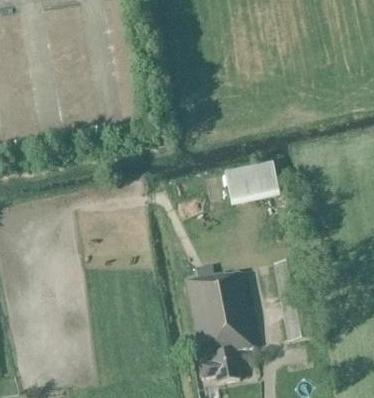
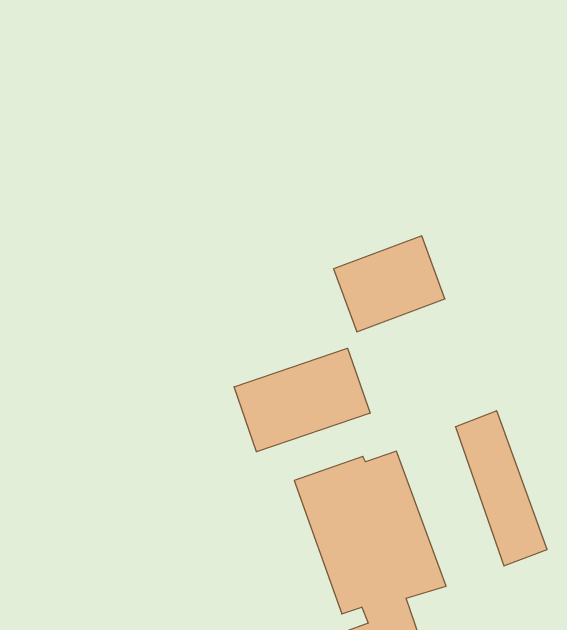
building: none -> [234,348,370,452]

